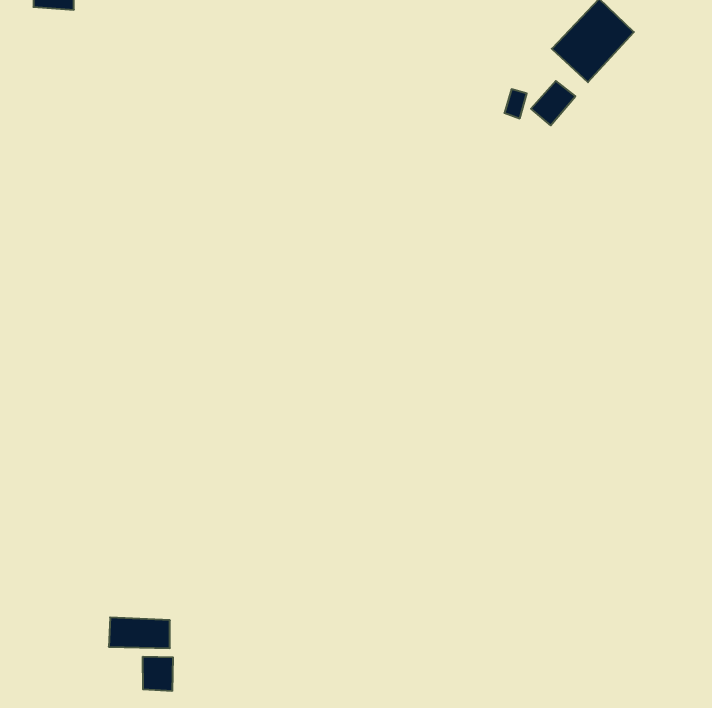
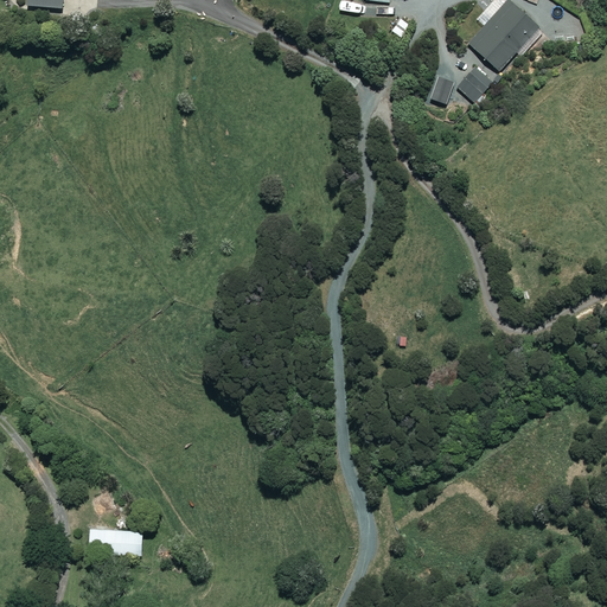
building: [143,657,173,691] -> none

